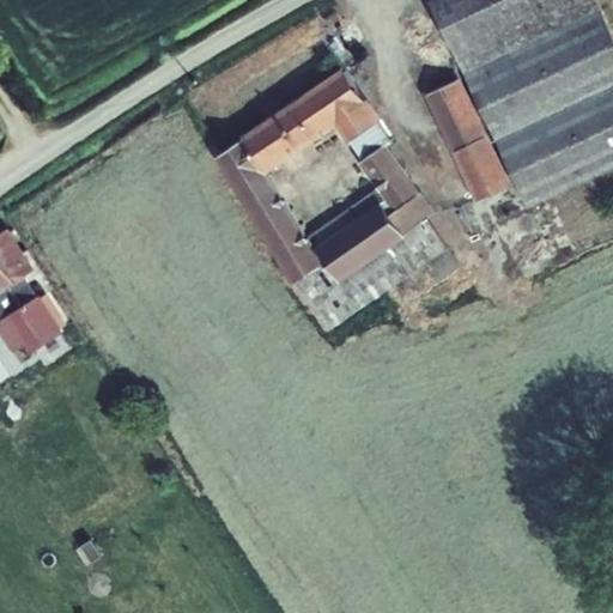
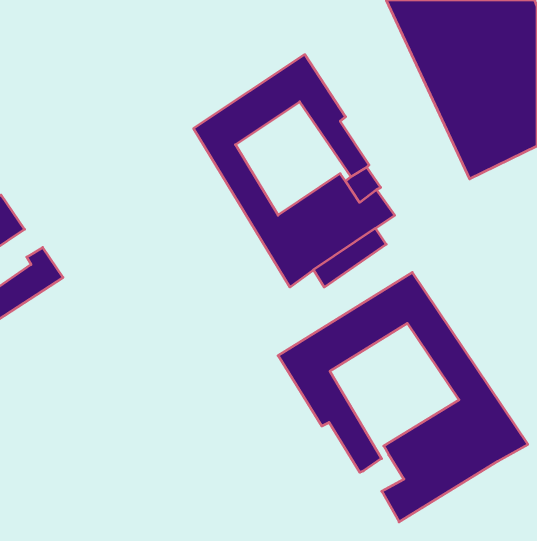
building: [426,81,504,201] -> none
building: none -> [278,272,528,522]

